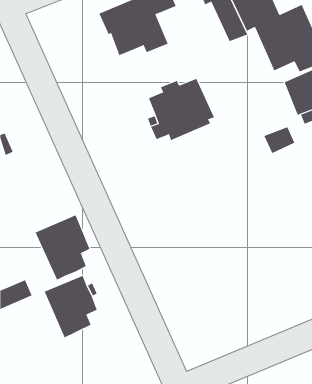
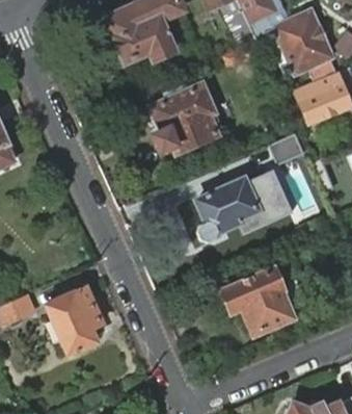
building: none -> [196,169,291,240]
building: [35,214,90,280] -> none
building: none -> [224,269,292,333]

